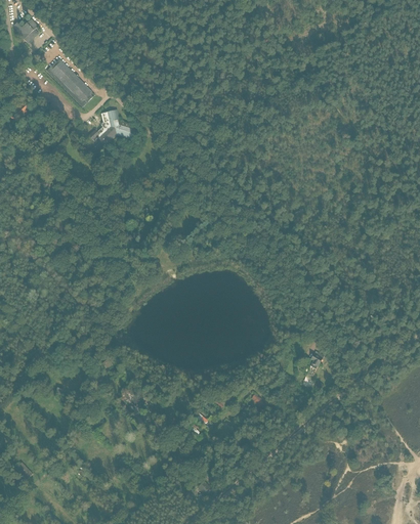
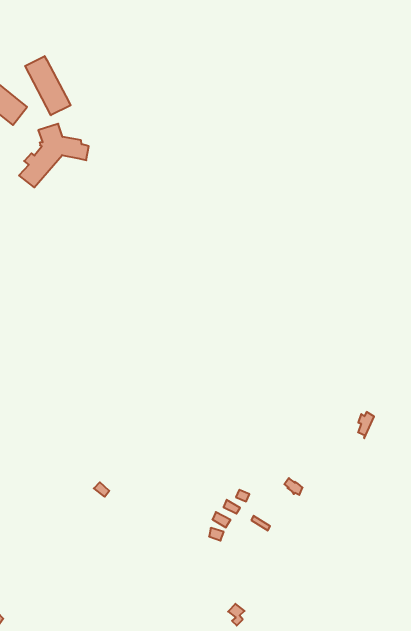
building: none -> [25,56,71,115]

